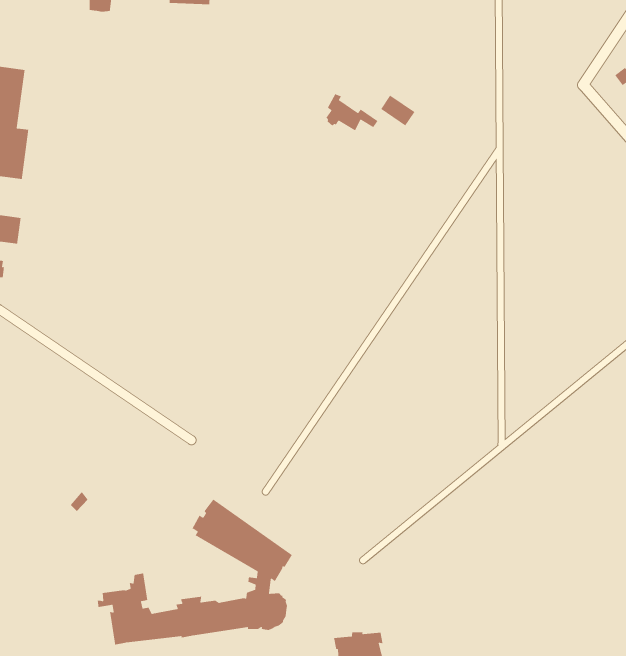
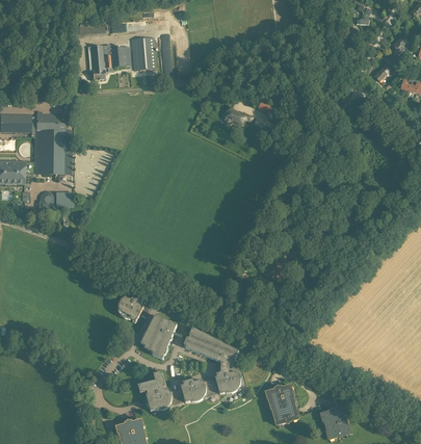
building: none -> [117,295,143,321]
building: none -> [140,314,177,359]

